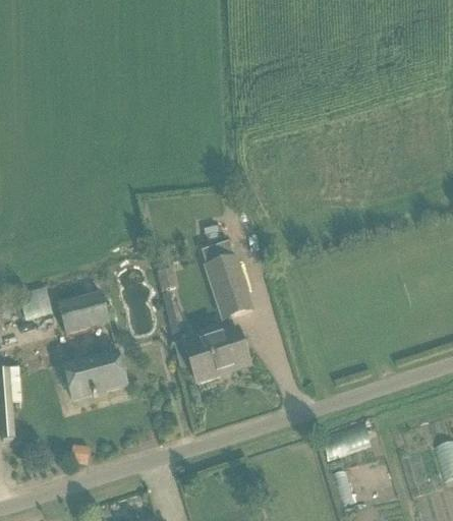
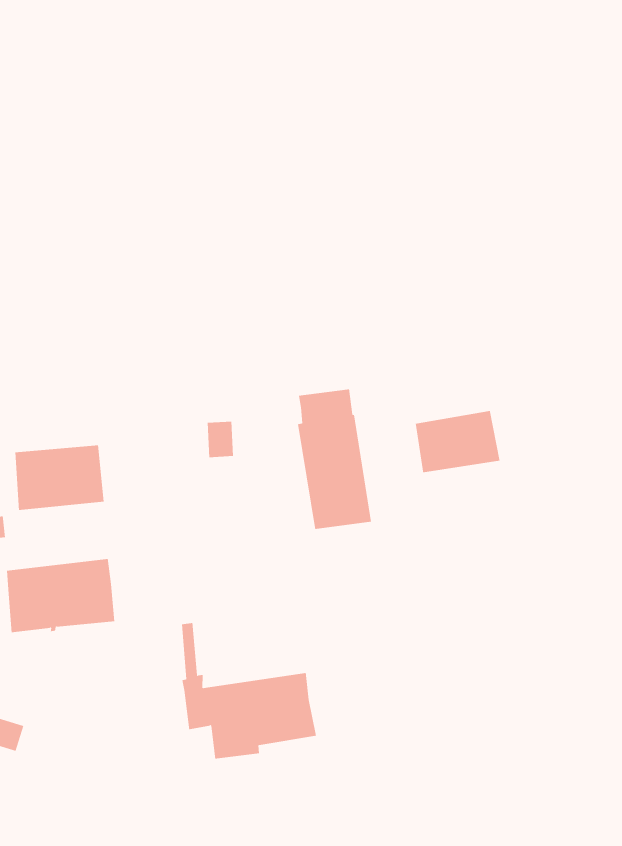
building: none -> [415,410,500,473]
building: [167,310,248,381] -> [181,622,317,759]

